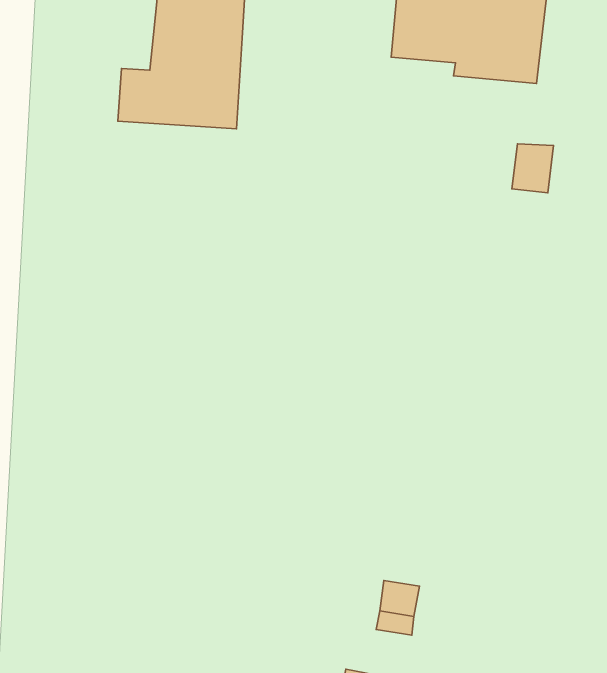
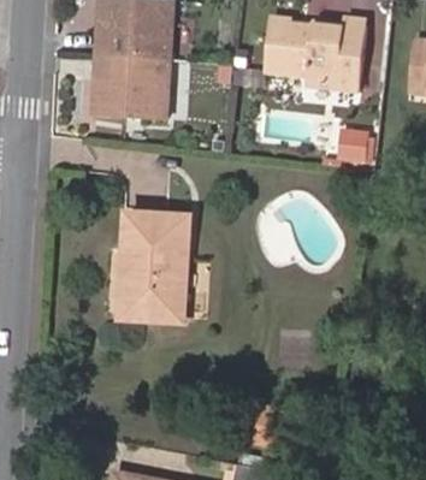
building: none -> [126,215,188,318]

